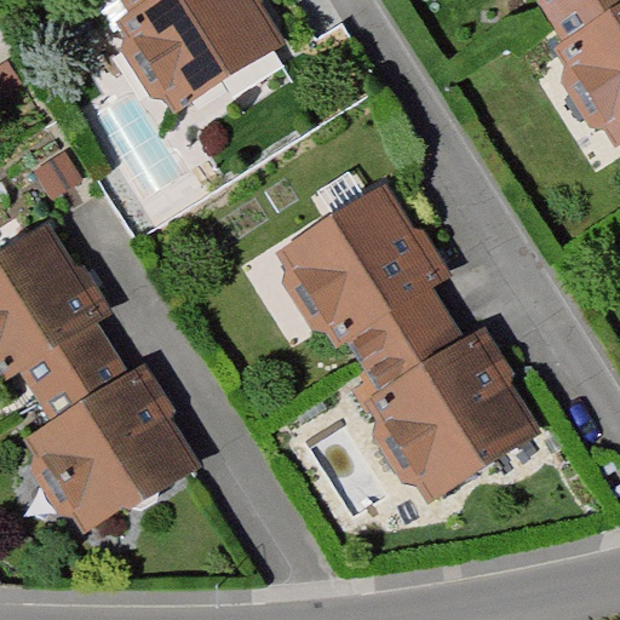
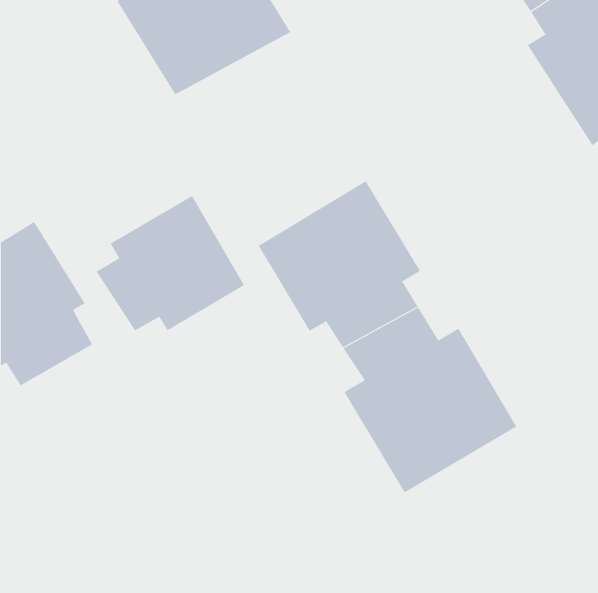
building: none -> [96,195,245,331]
building: [18,351,193,535] -> none

